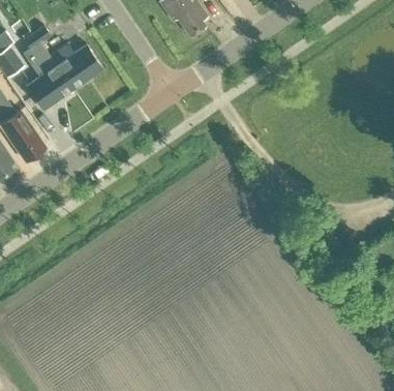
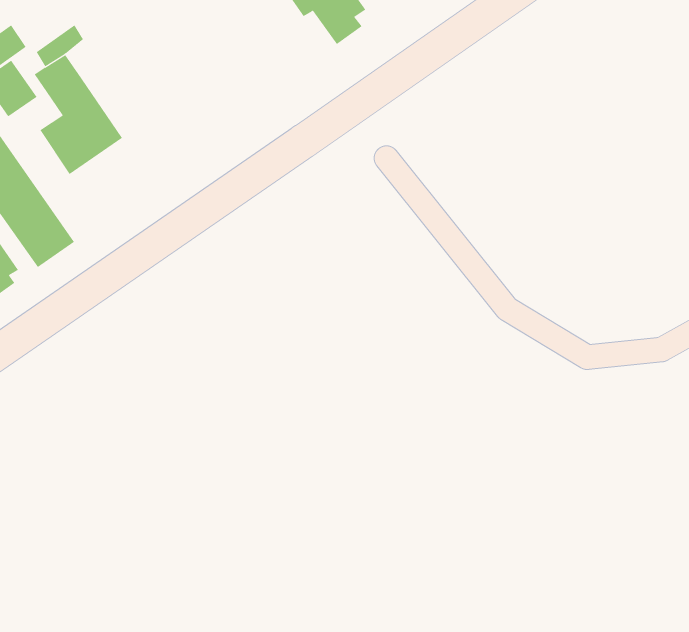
building: [50,44,103,90] -> none

